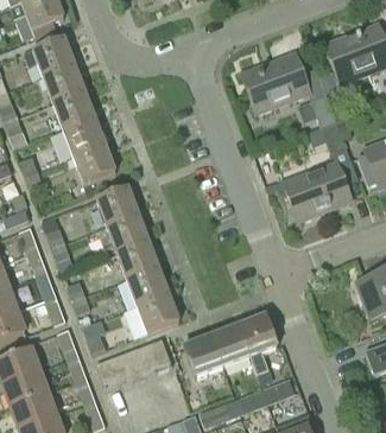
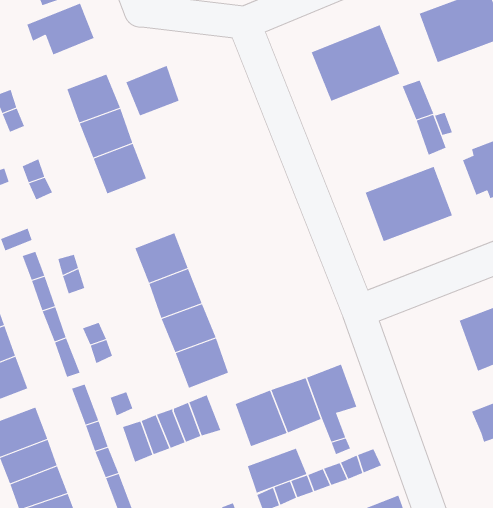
building: [43,63,84,102] -> [126,65,180,116]
building: [96,186,137,224] -> none
building: none -> [247,448,307,493]

